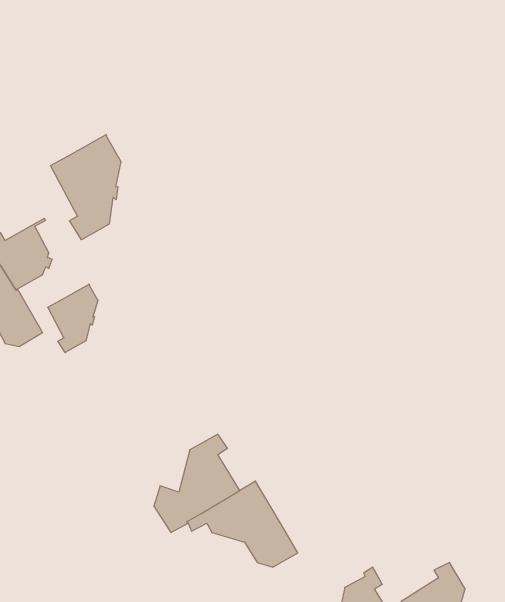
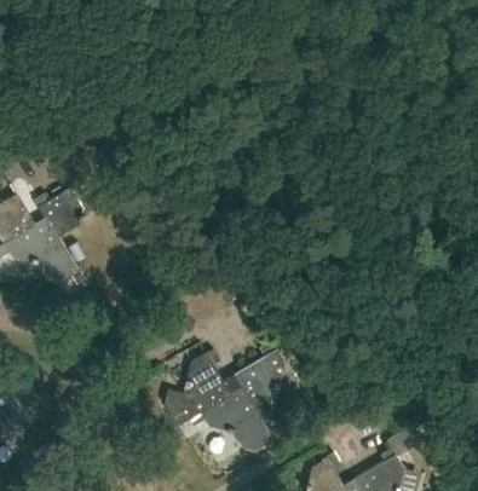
building: [51,134,121,240] -> none
building: [48,284,98,353] -> none
building: none -> [234,341,284,418]

